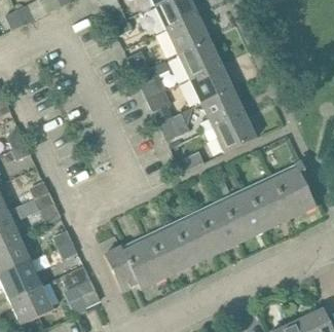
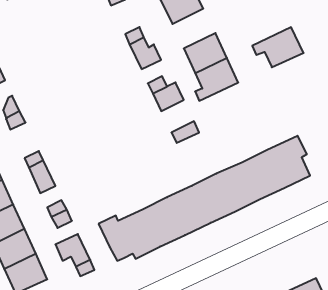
building: [178,37,221,77] -> none
building: [205,111,256,151] -> [252,27,304,67]

